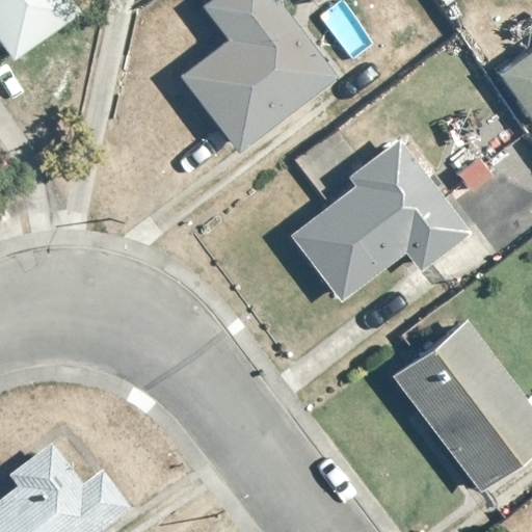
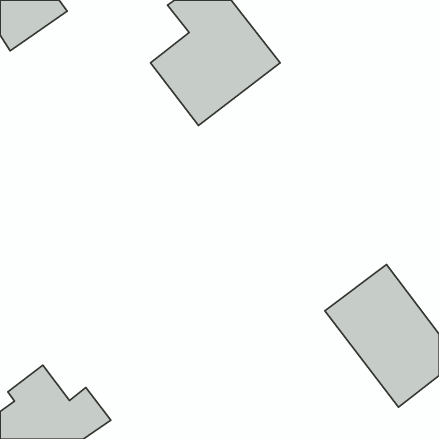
building: [291,138,471,301] -> none

